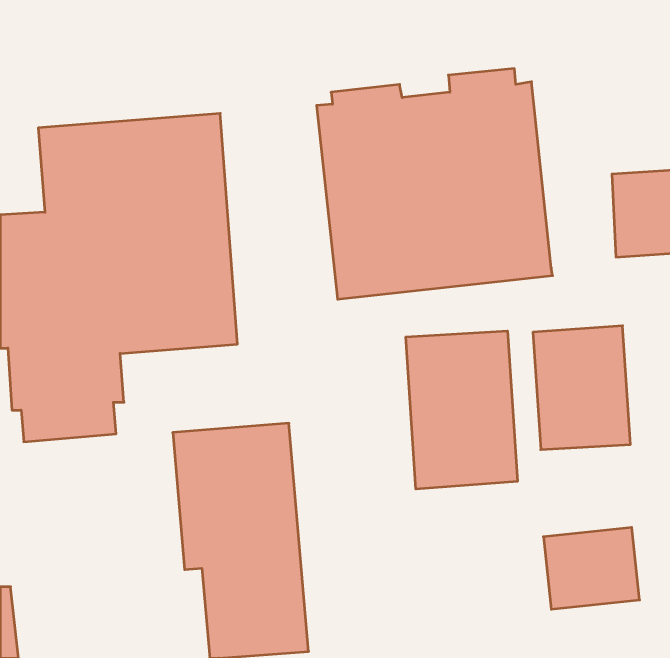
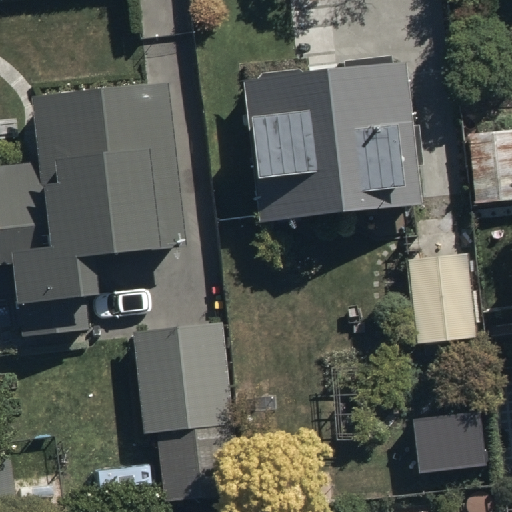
building: [406,331,517,489] -> none

